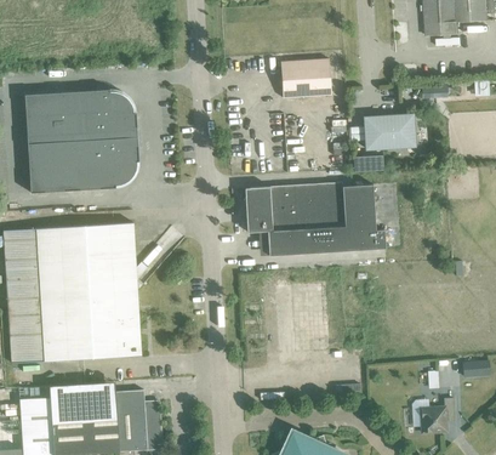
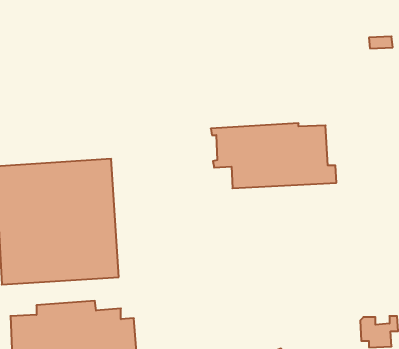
building: [280,58,331,98] -> none
building: [24,90,138,193] -> none
building: [364,114,414,149] -> none

